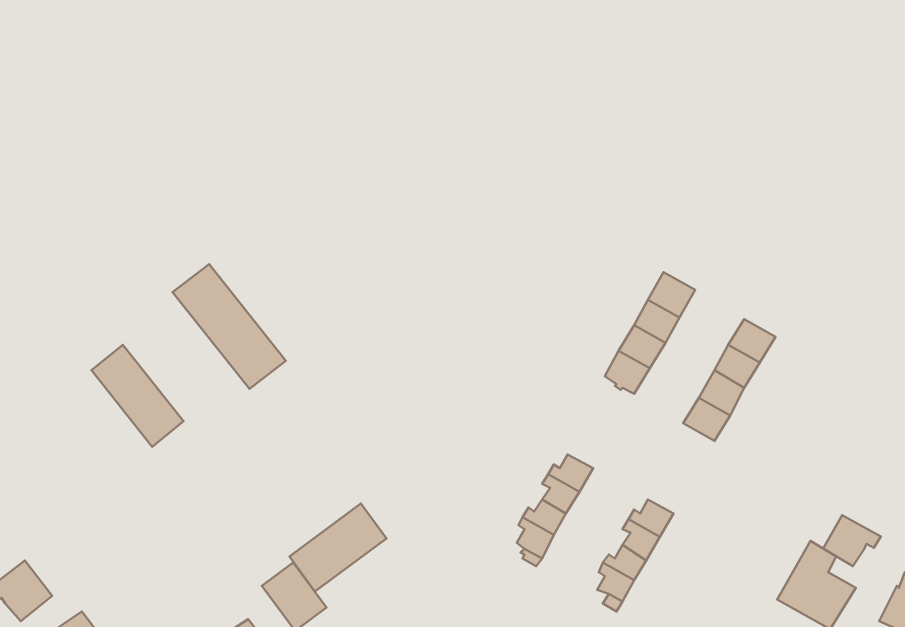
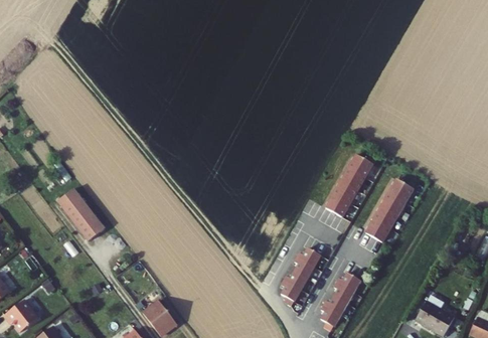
building: [173,264,286,389] -> none
building: [289,503,386,591] -> none
building: [823,515,881,566] -> none

